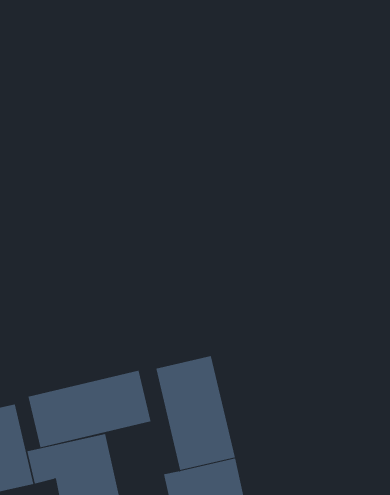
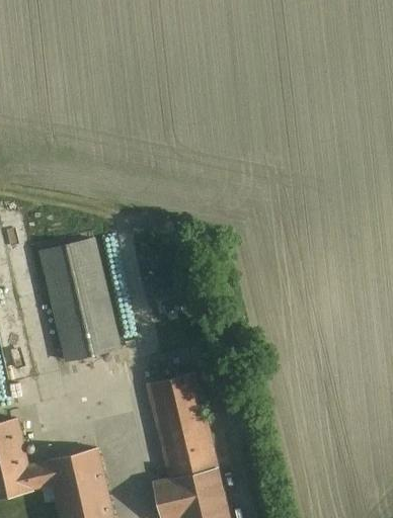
building: none -> [40,235,123,363]
building: [28,370,151,448] -> none

